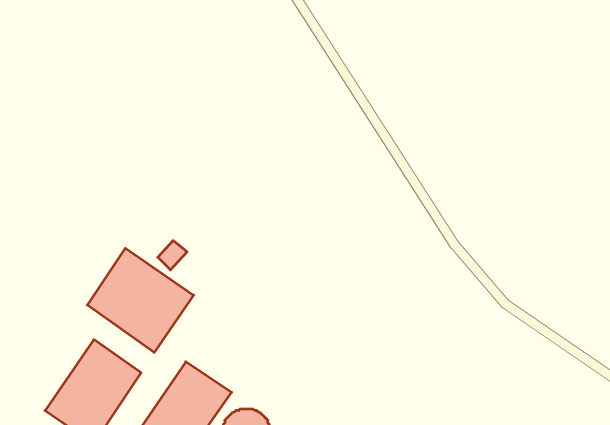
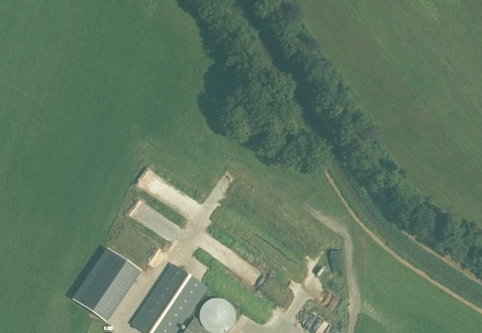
building: [87,248,194,352] -> none

